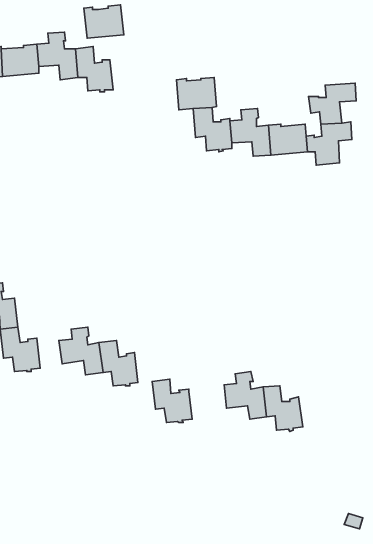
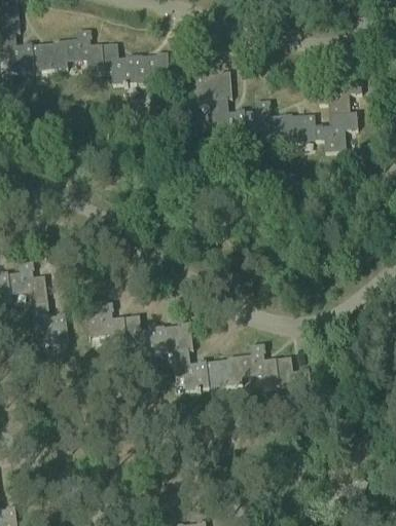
building: [84,5,124,38] -> [132,52,169,83]
building: none -> [154,324,191,354]
building: none -> [205,356,241,388]

